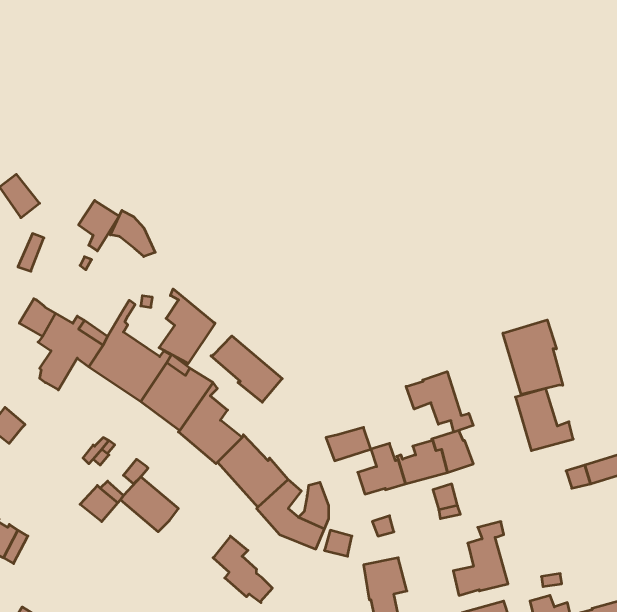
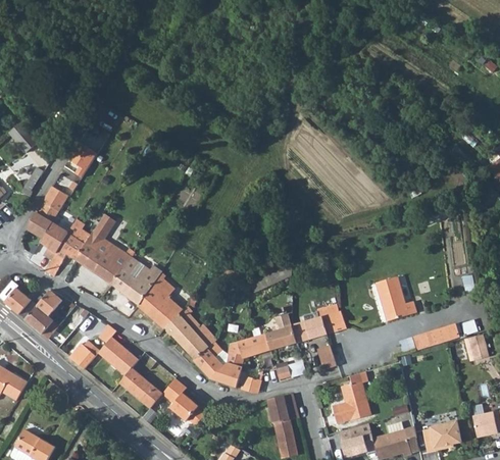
building: [110,210,155,257] -> none
building: none -> [38,187,66,221]
building: [159,289,215,364] -> none
building: [503,320,563,395] -> none
building: [211,336,282,402] -> none
building: [406,372,473,432] -> none
building: none -> [23,290,64,339]
building: [326,427,371,461] -> [238,334,269,357]
building: none -> [118,367,163,409]

